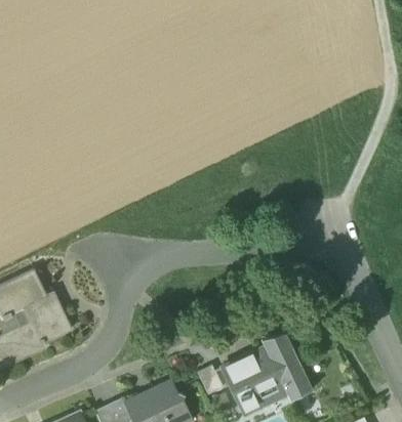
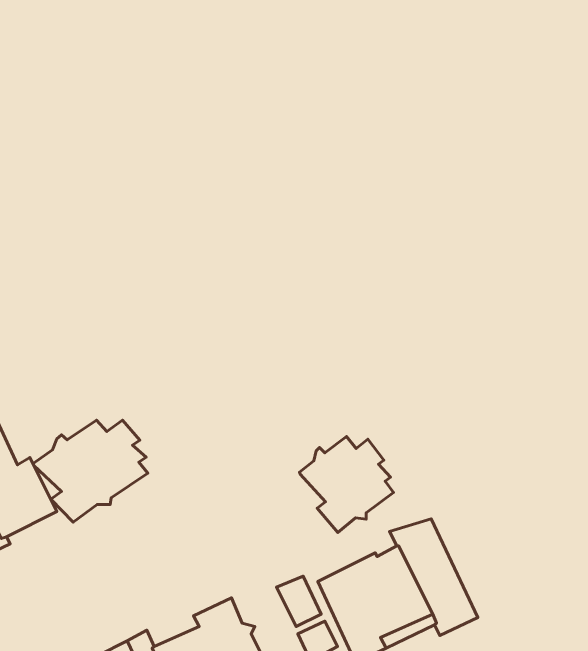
building: none -> [33,420,148,522]
building: none -> [300,437,394,532]

